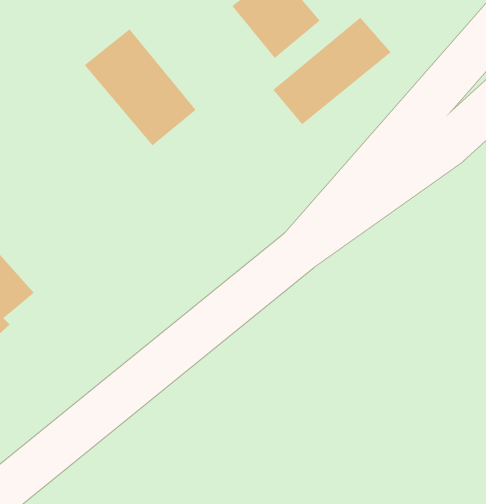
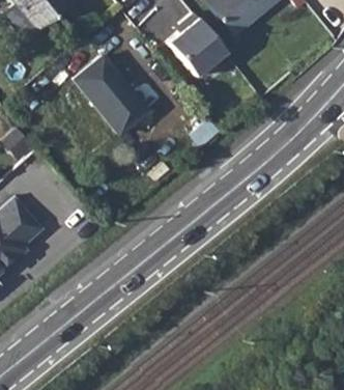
building: [272,17,391,125] -> none

